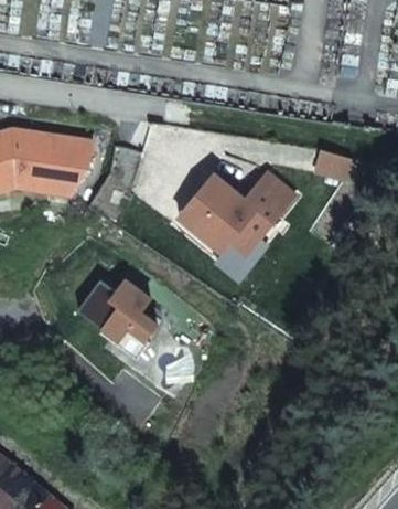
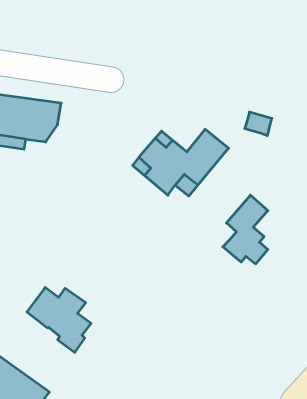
building: none -> [223,195,268,264]
building: [77,280,155,360] -> [27,287,91,352]

